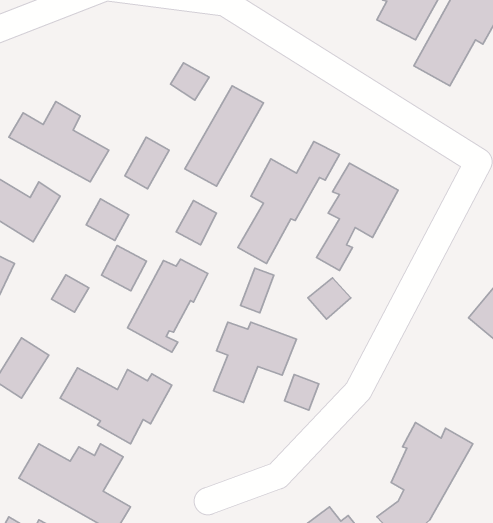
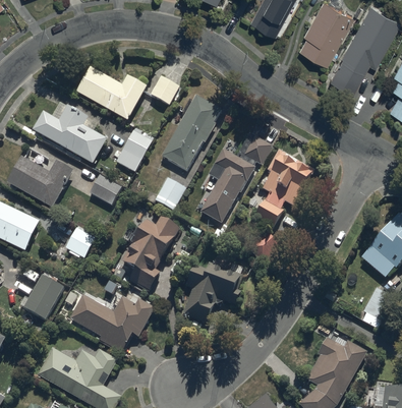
building: none -> [79,70,146,121]
building: [101,246,147,291] -> none
building: [241,268,274,313] -> none
building: [284,375,319,410] -> none

